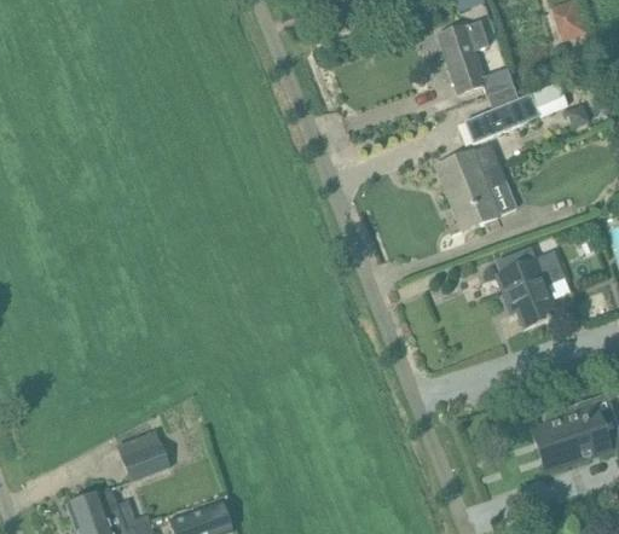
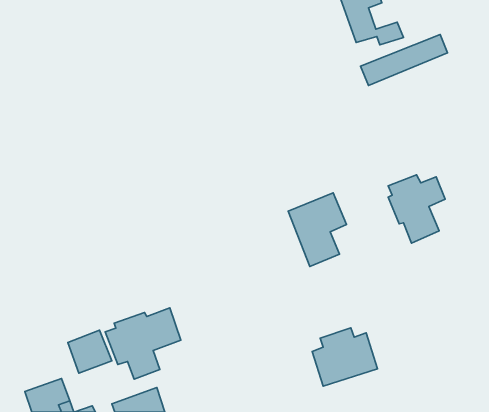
building: [436,143,505,230] -> [288,193,347,266]
building: [531,402,608,471] -> [312,328,378,386]
building: none -> [105,308,181,379]

